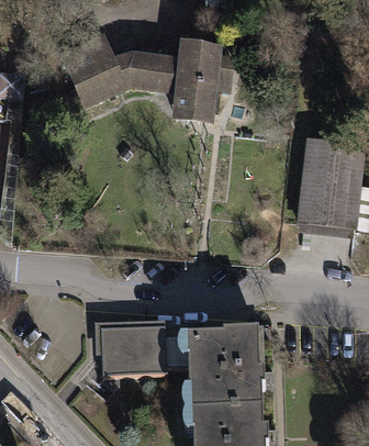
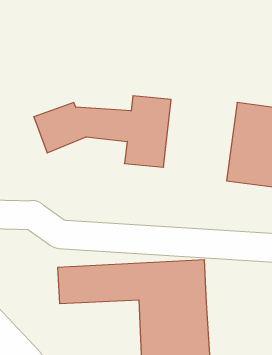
building: [65,40,223,122] -> [34,96,171,167]

